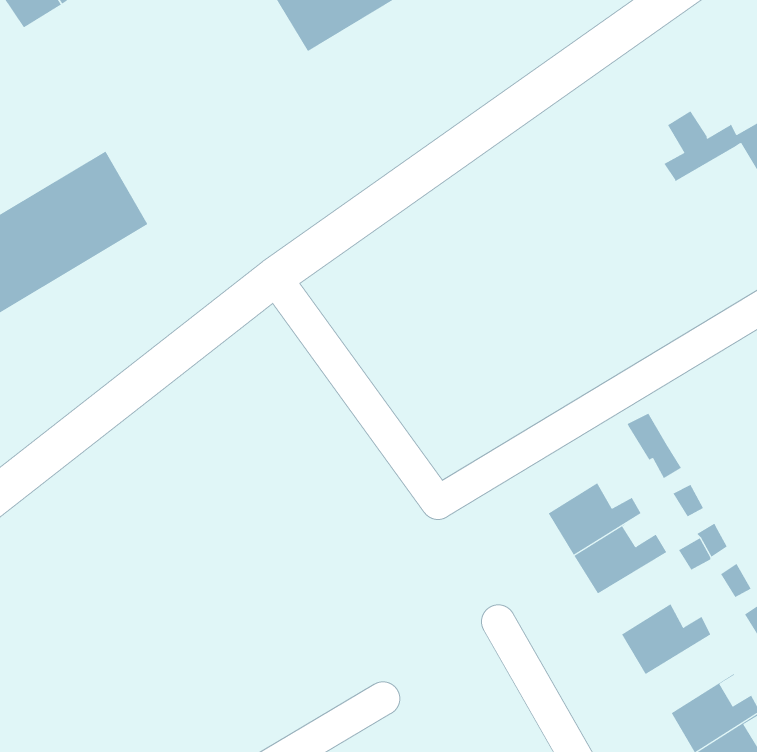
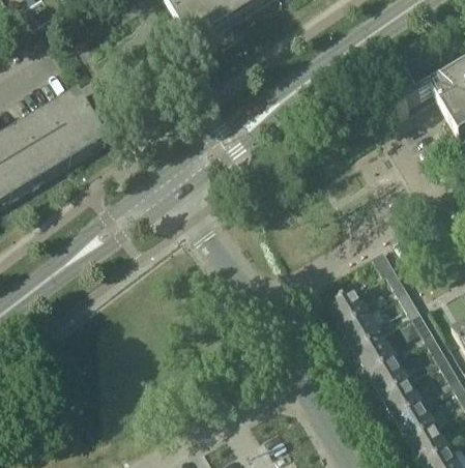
building: none -> [353,323,395,370]
building: none -> [380,370,431,414]

